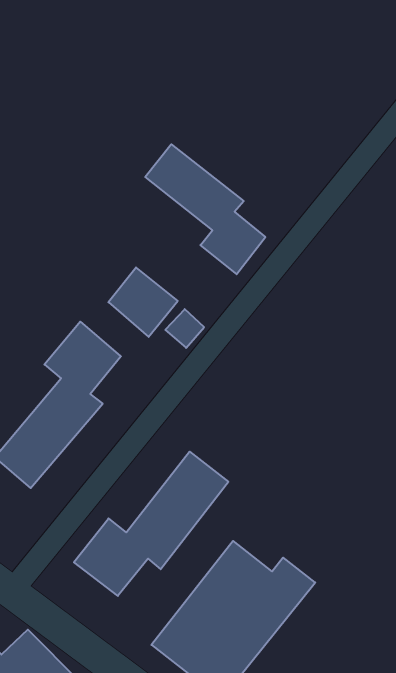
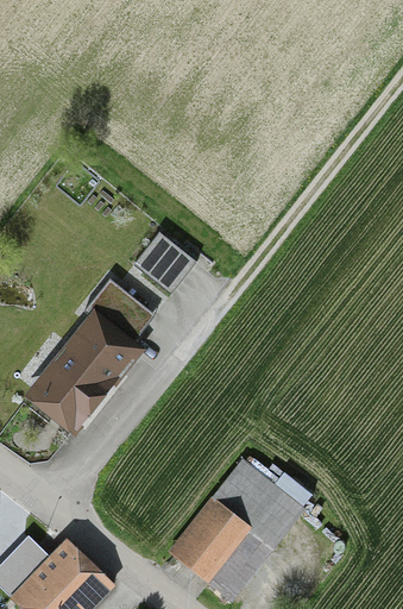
building: [145,144,265,274] -> none
building: [74,452,228,596] -> none

